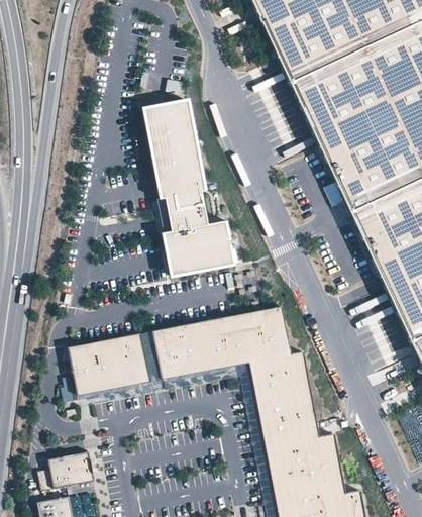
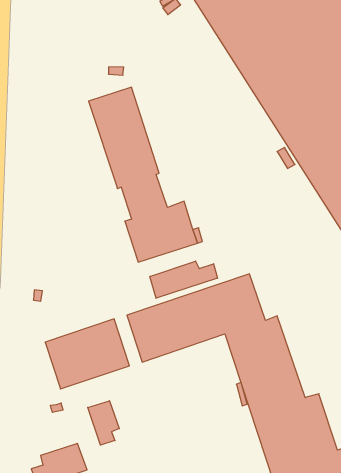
building: none -> [150,261,218,298]
building: none -> [88,401,119,445]

